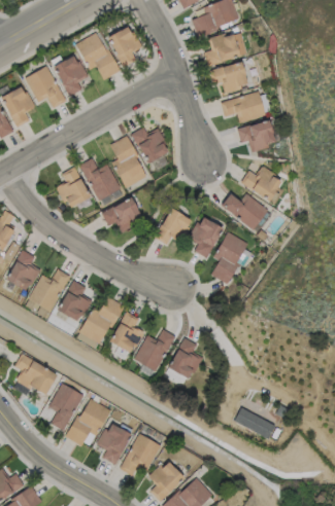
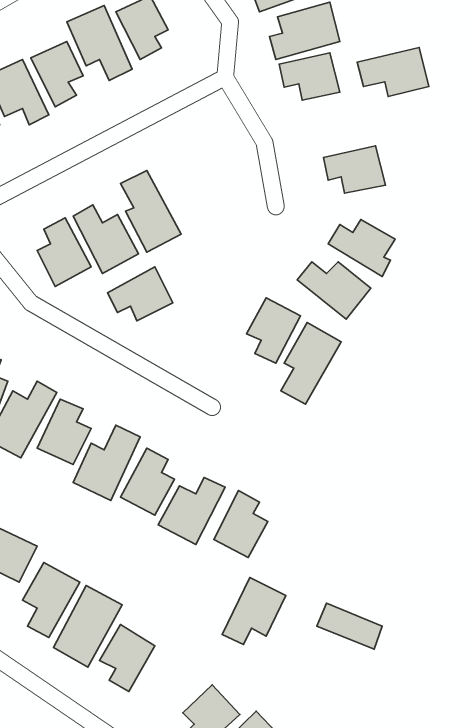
building: [221,92,266,122] -> [357,47,429,96]
building: [133,128,170,162] -> none
building: [155,209,192,244] -> none
building: [121,433,161,475] -> [222,577,286,644]

